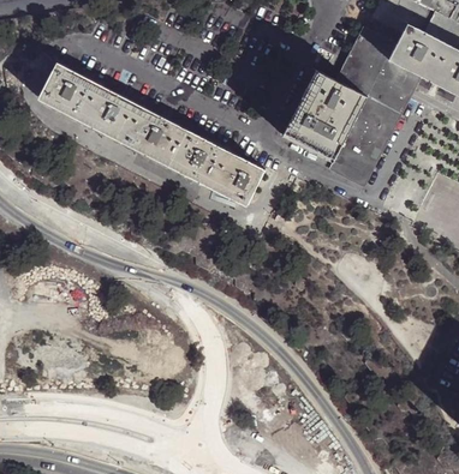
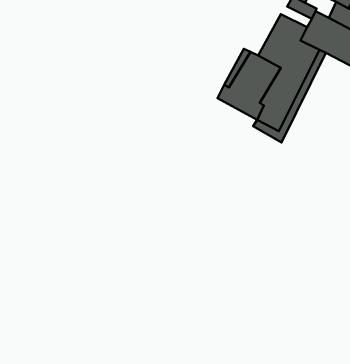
building: [38,64,264,206] -> none

